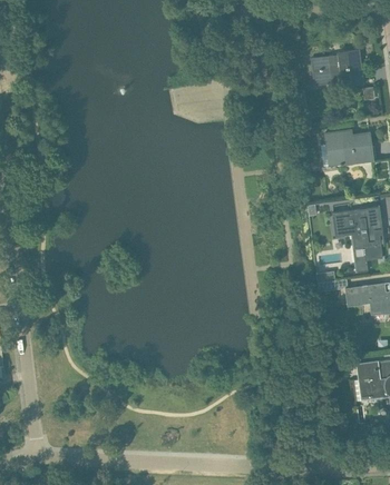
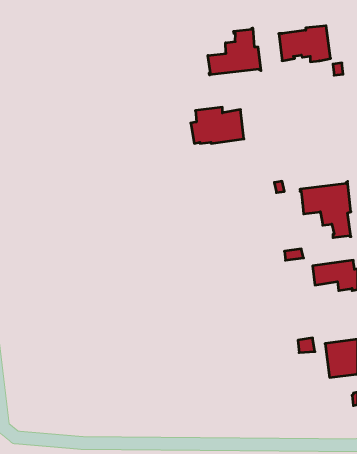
building: none -> [208,28,261,75]
building: [320,130,372,166] -> [191,107,244,143]

